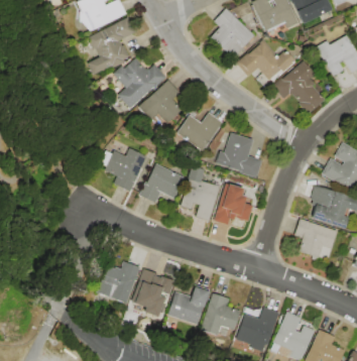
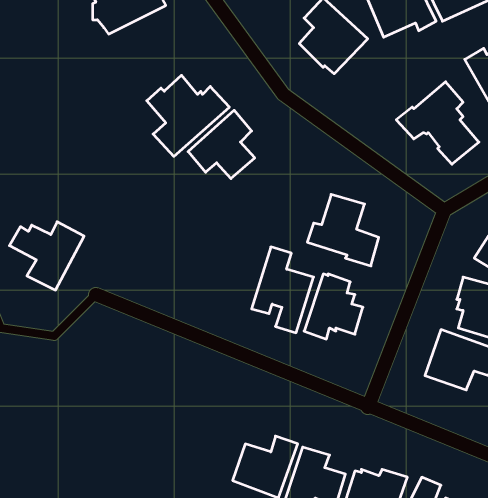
building: [88,17,136,74] -> none
building: [236,39,296,80] -> none
building: [177,113,223,150] -> none
building: [101,148,148,192] -> [9,222,84,290]
building: [139,163,186,204] -> none
building: [98,262,139,304] -> none
building: [132,268,177,317] -> none

